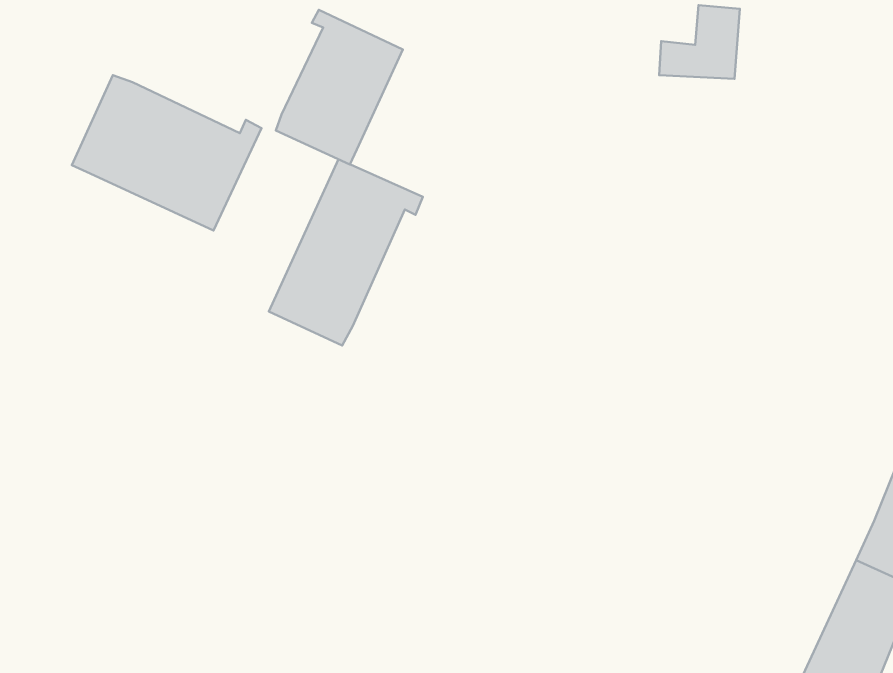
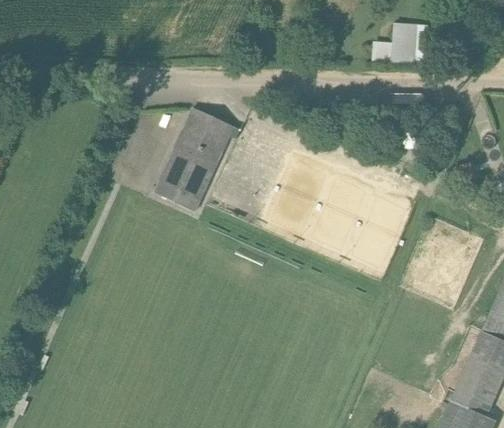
building: [276,10,403,164] -> none
building: [72,75,262,230] -> none

